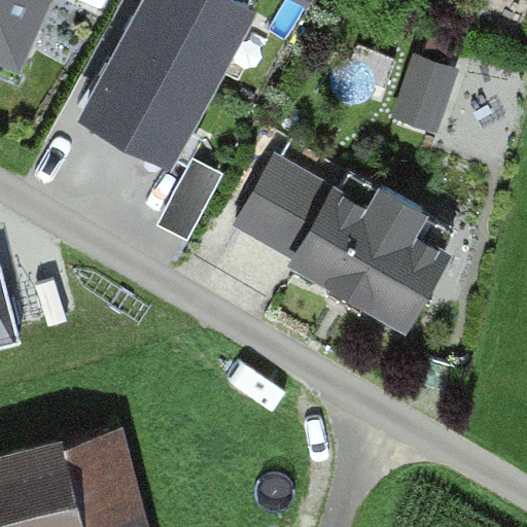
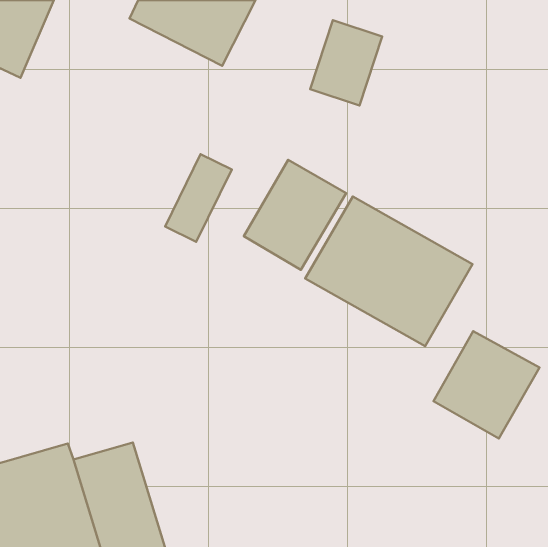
building: [80,22,212,150] -> none
building: [392,56,461,137] -> [310,20,382,105]
building: none -> [434,331,539,438]

